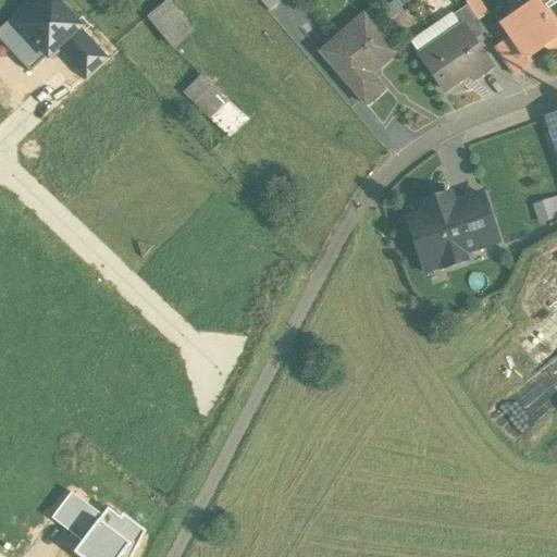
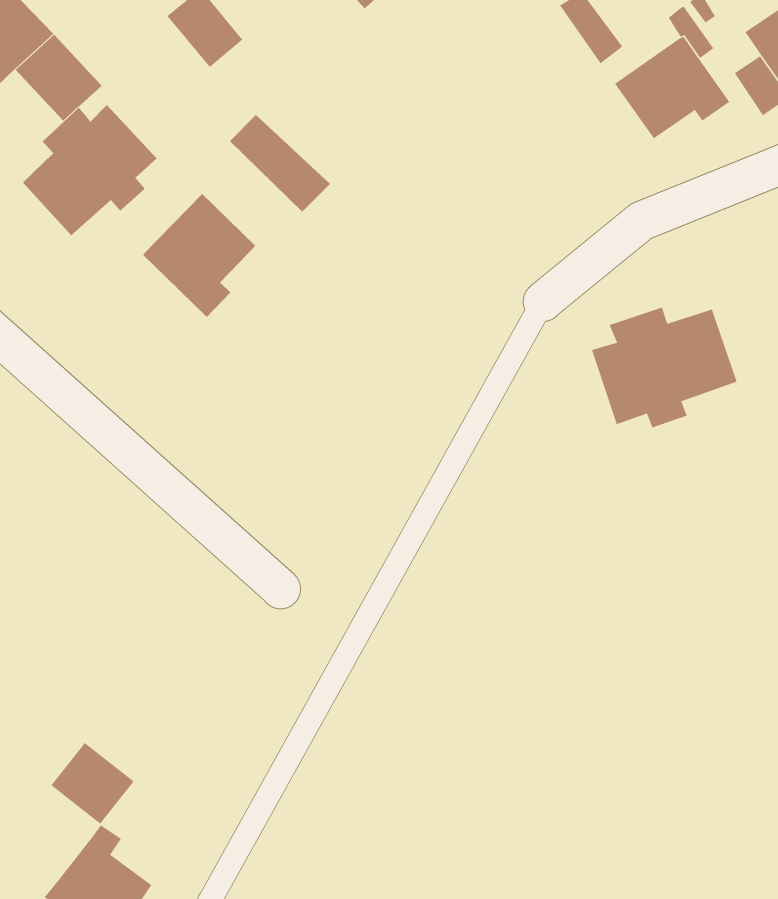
building: [319,20,395,100] -> none
building: none -> [22,104,158,236]
building: none -> [143,193,256,318]
building: [51,490,102,540] -> [51,742,134,824]

